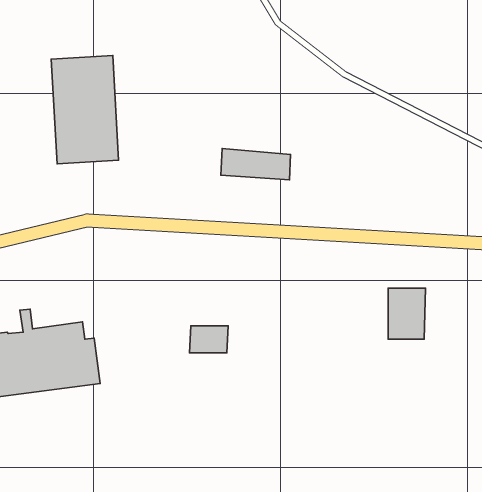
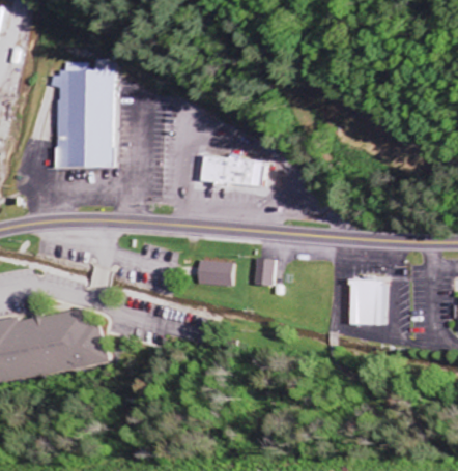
building: none -> [256,259,275,287]
building: [190,326,228,353] -> [201,262,235,286]

